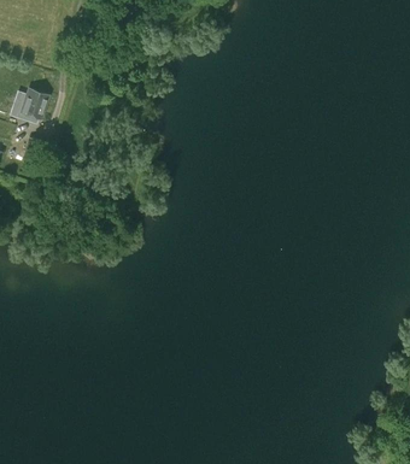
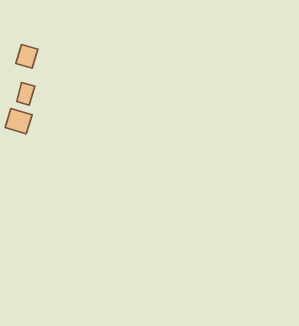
building: none -> [5,109,32,134]

